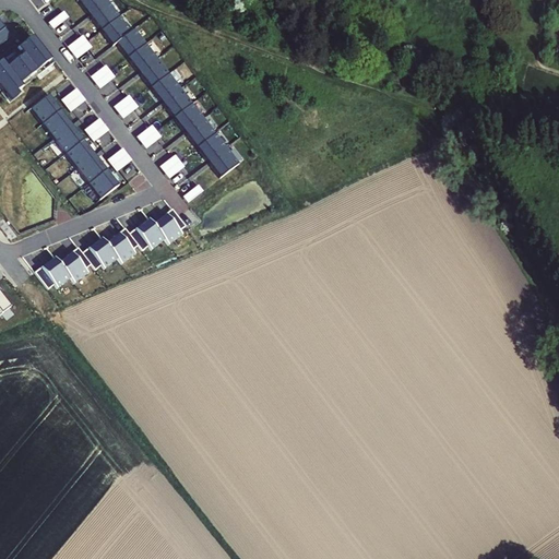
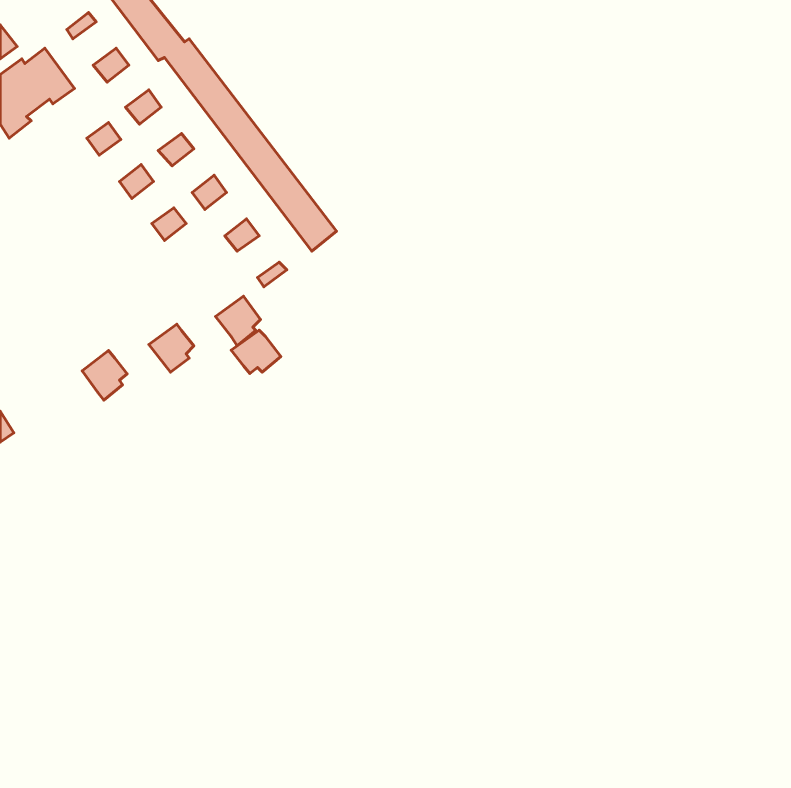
building: [31,93,119,198] -> none
building: [129,218,164,249] -> [231,330,281,374]
building: [82,237,117,269] -> none
building: [35,257,70,287] -> none

